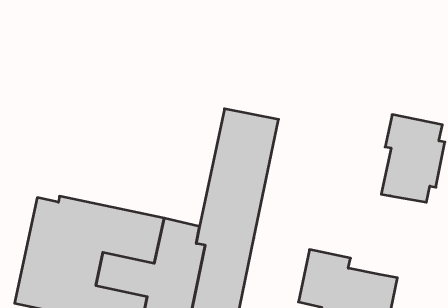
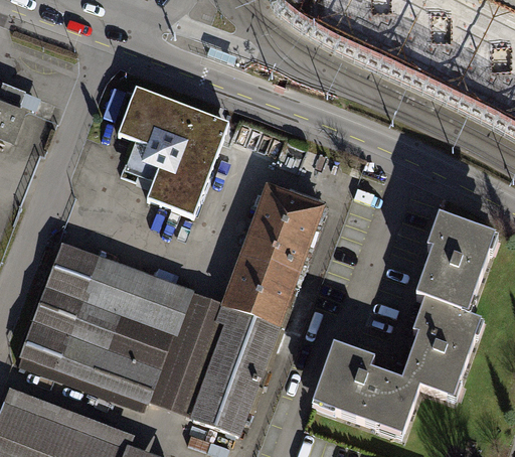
building: none -> [117,88,227,216]
building: none -> [400,301,474,397]

